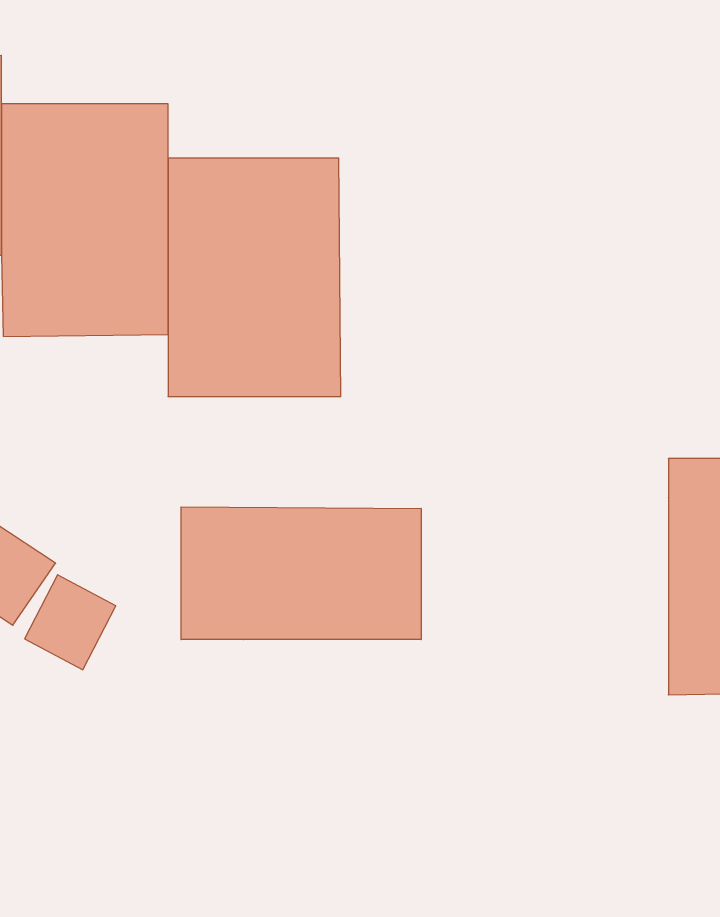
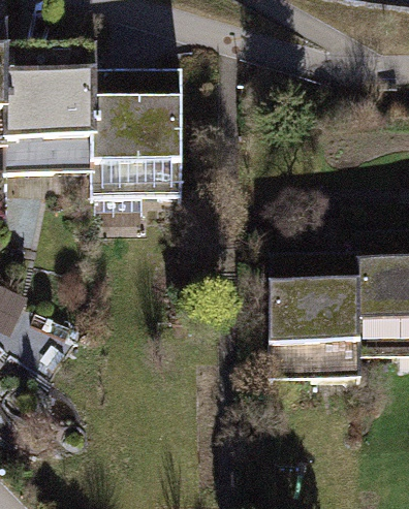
building: none -> [266,267,359,388]
building: [181,507,421,640] -> none

